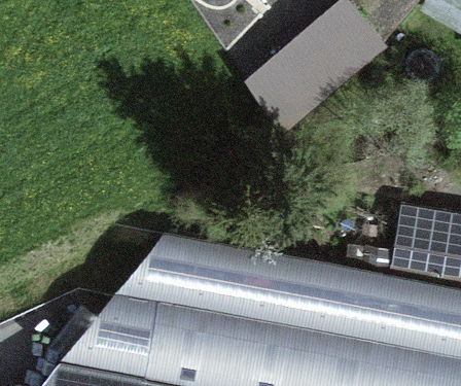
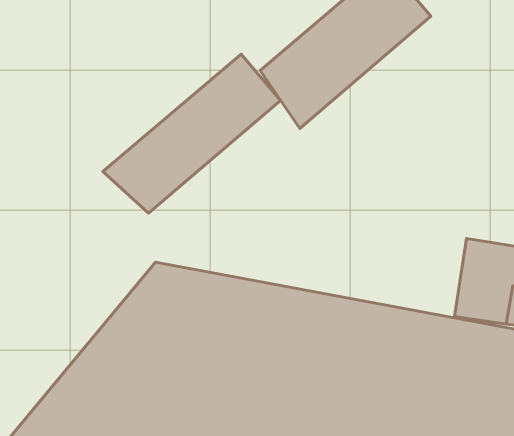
building: none -> [103,54,281,213]

